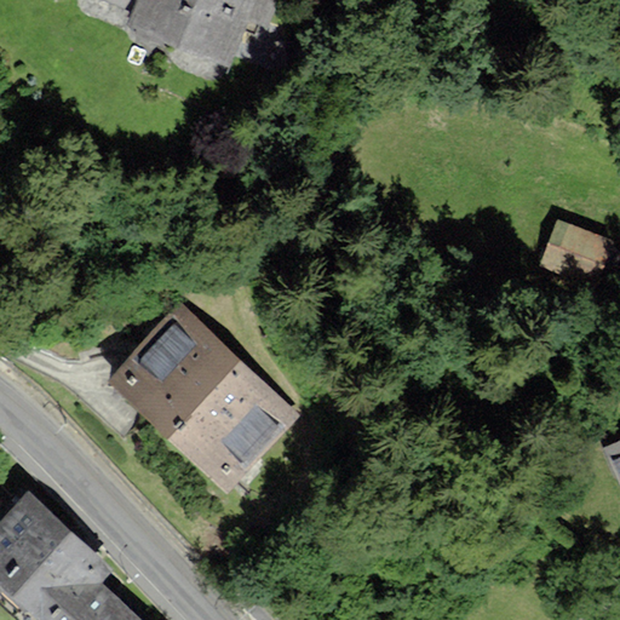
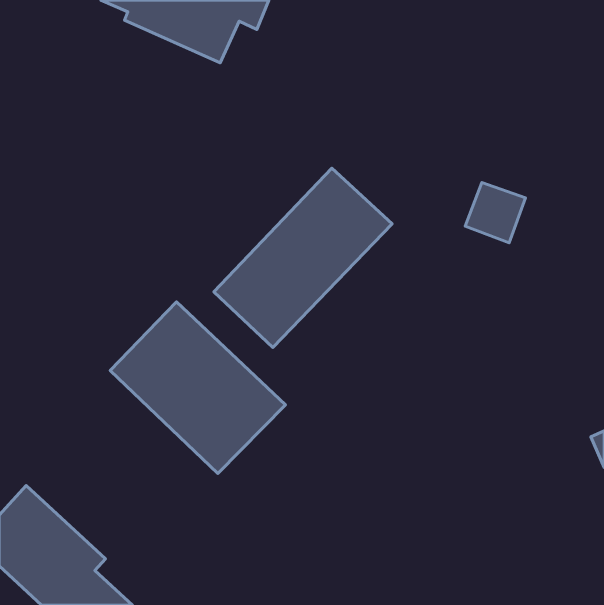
building: none -> [214,168,392,347]
building: [544,224,605,286] -> [465,182,526,243]

